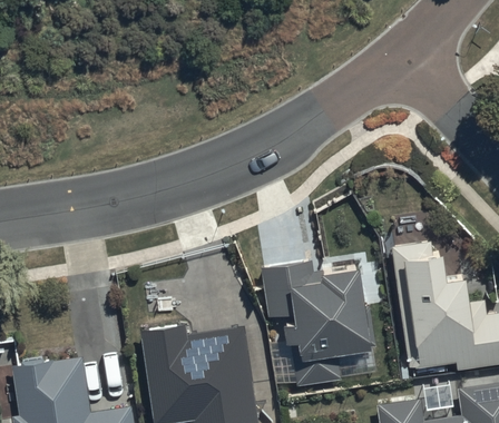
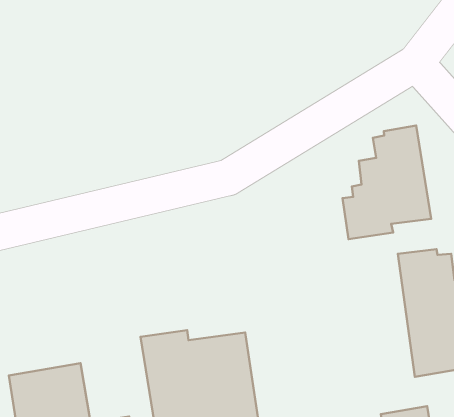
building: none -> [343,125,431,239]
building: [260,260,372,386] -> none

